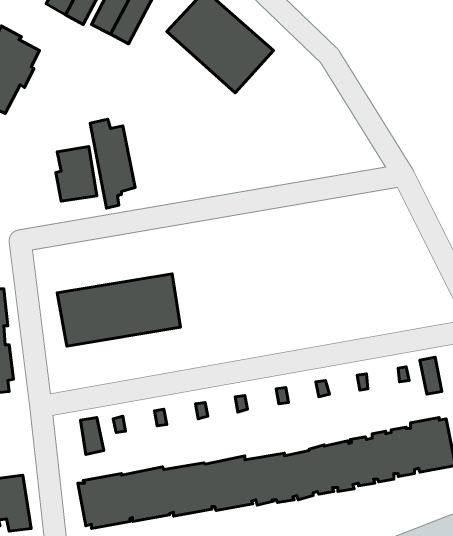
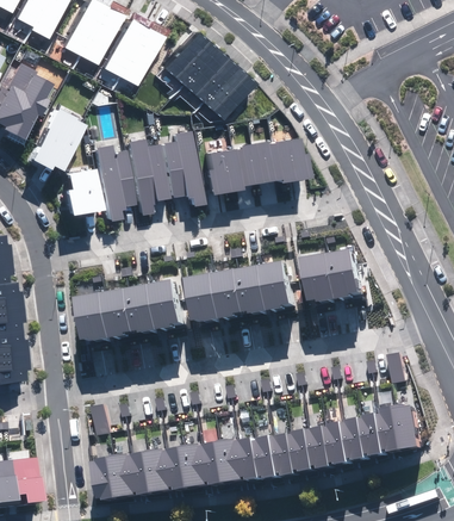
building: none -> [33,110,87,170]
building: none -> [163,130,204,207]
building: none -> [128,138,168,216]
building: none -> [209,138,313,196]
building: none -> [294,246,356,304]
building: none -> [181,262,287,322]

